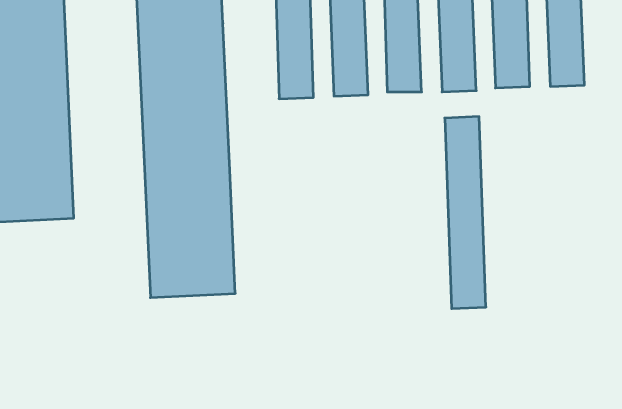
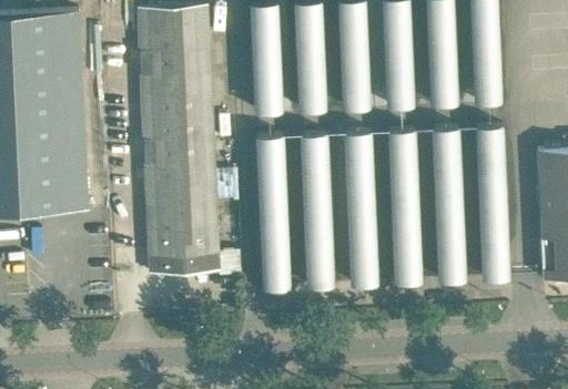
building: none -> [433,127,465,283]
building: none -> [476,127,509,281]
building: none -> [344,131,377,287]
building: none -> [301,133,333,288]
building: none -> [257,135,290,290]

